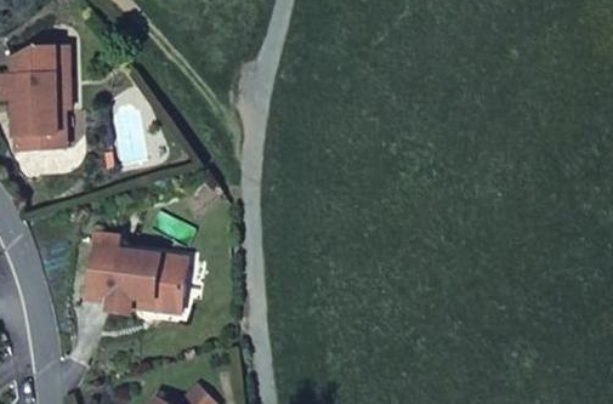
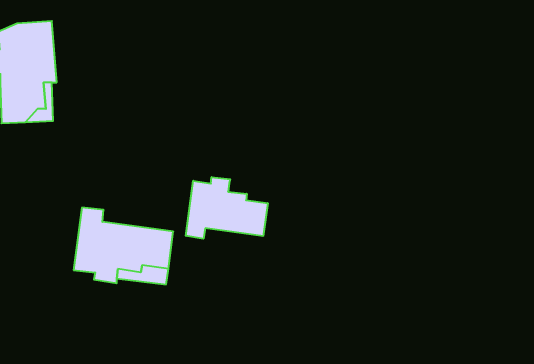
building: none -> [186,177,268,239]

